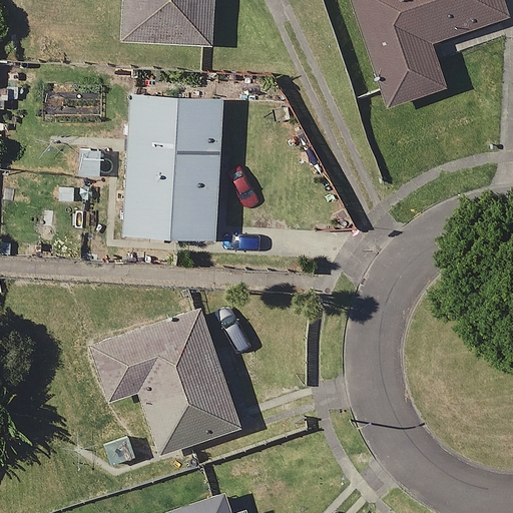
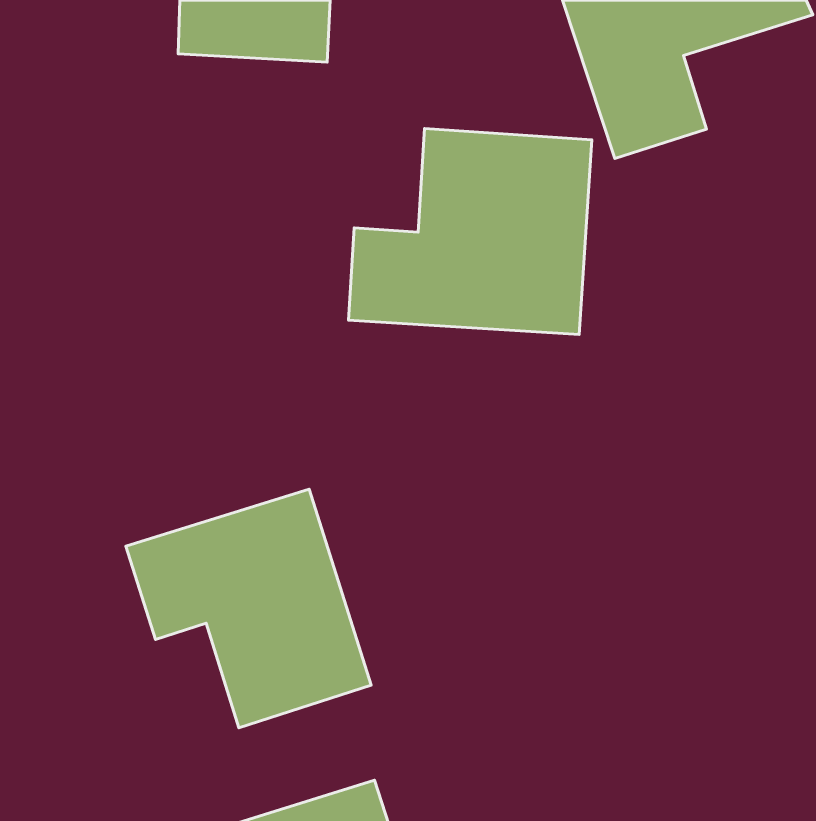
building: [99,74,223,239] -> none
building: none -> [348,128,592,334]

